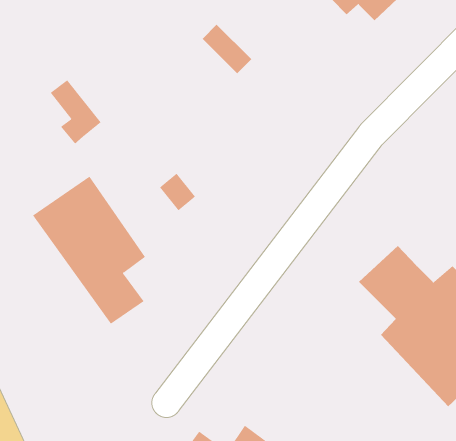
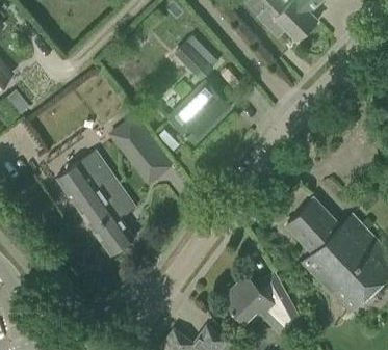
building: [50,80,101,144] -> [122,119,158,165]
building: none -> [170,84,230,144]
building: none -> [222,274,299,328]

